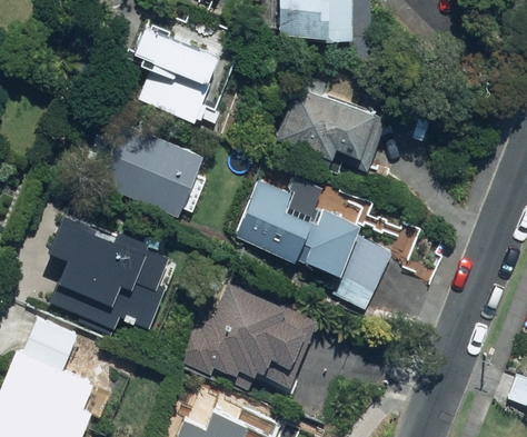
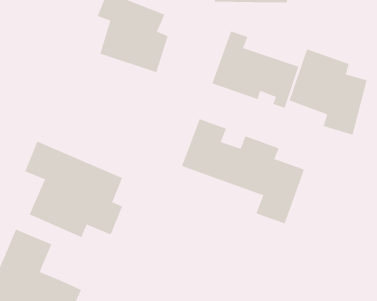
building: none -> [289,49,367,136]
building: [103,126,211,217] -> none
building: [173,281,315,386] -> none

